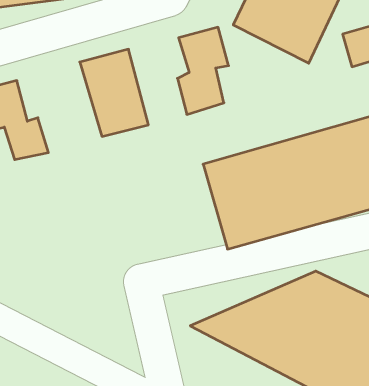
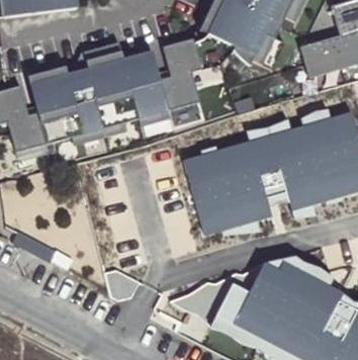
building: none -> [116,50,167,124]
building: none -> [27,70,93,149]

